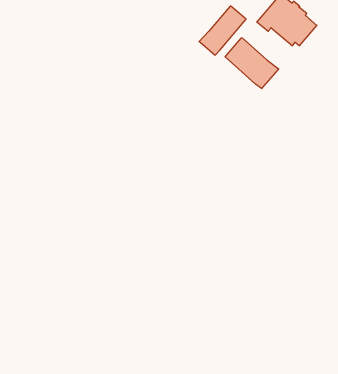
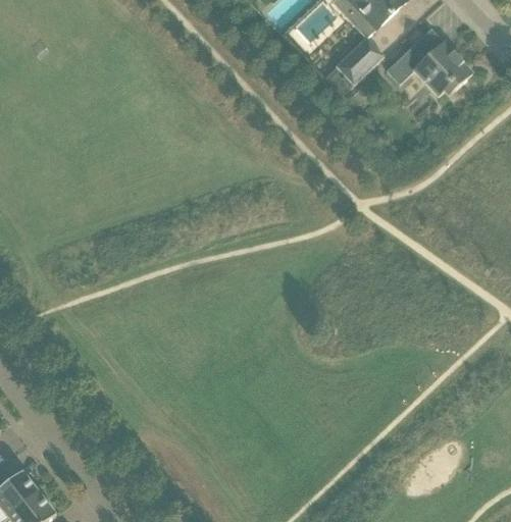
building: [225,38,279,89] -> none

